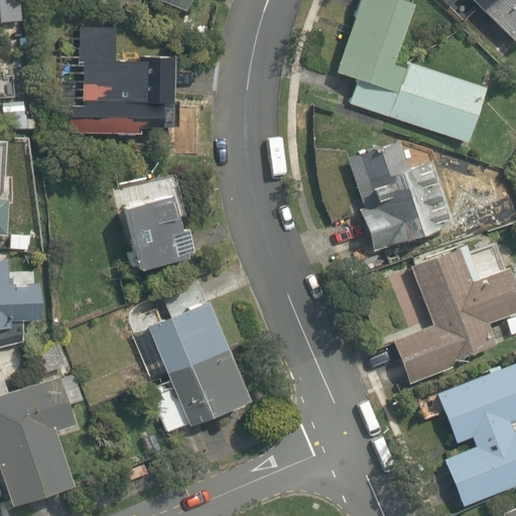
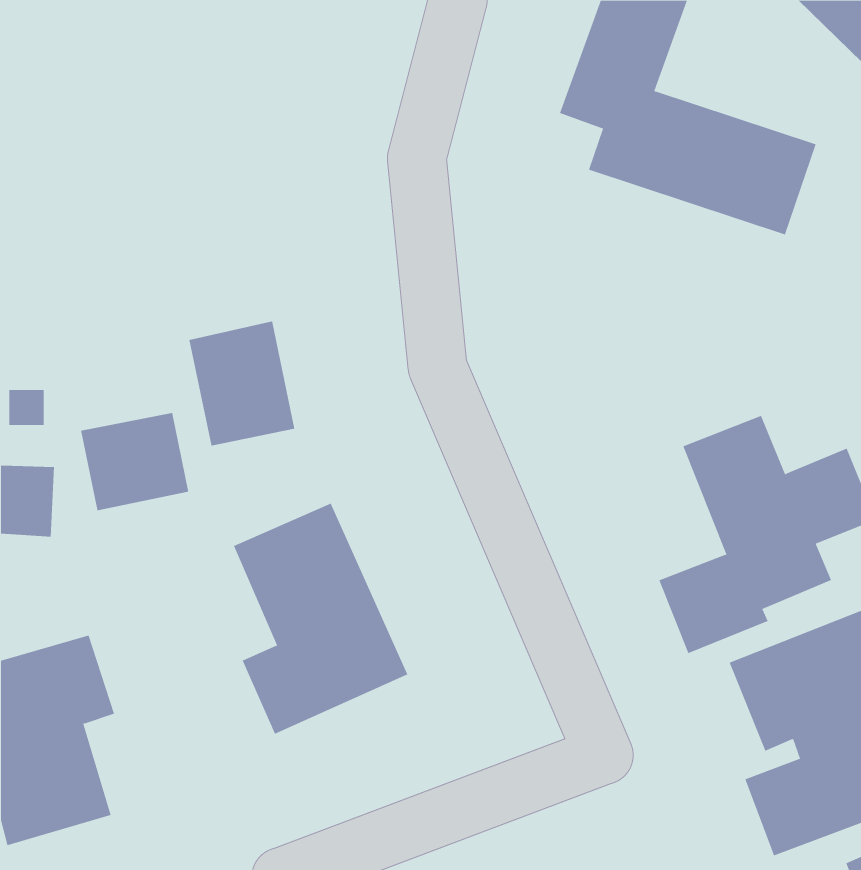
building: [68,16,173,136] -> none
building: [349,135,449,251] -> none
building: none -> [80,412,189,511]

